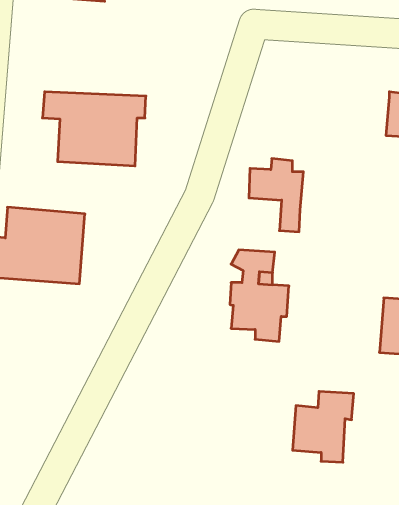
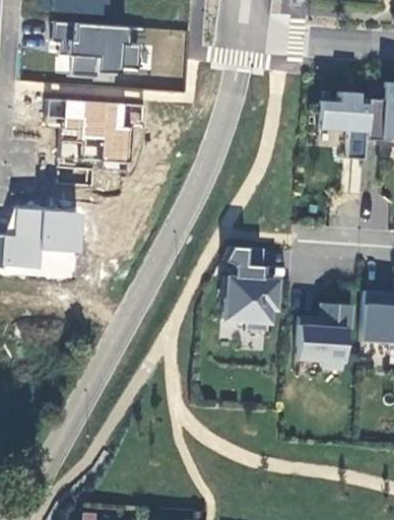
building: none -> [49,20,141,74]
building: [249,159,303,232] -> [317,91,368,159]
building: [293,391,354,462] -> [294,303,351,369]

